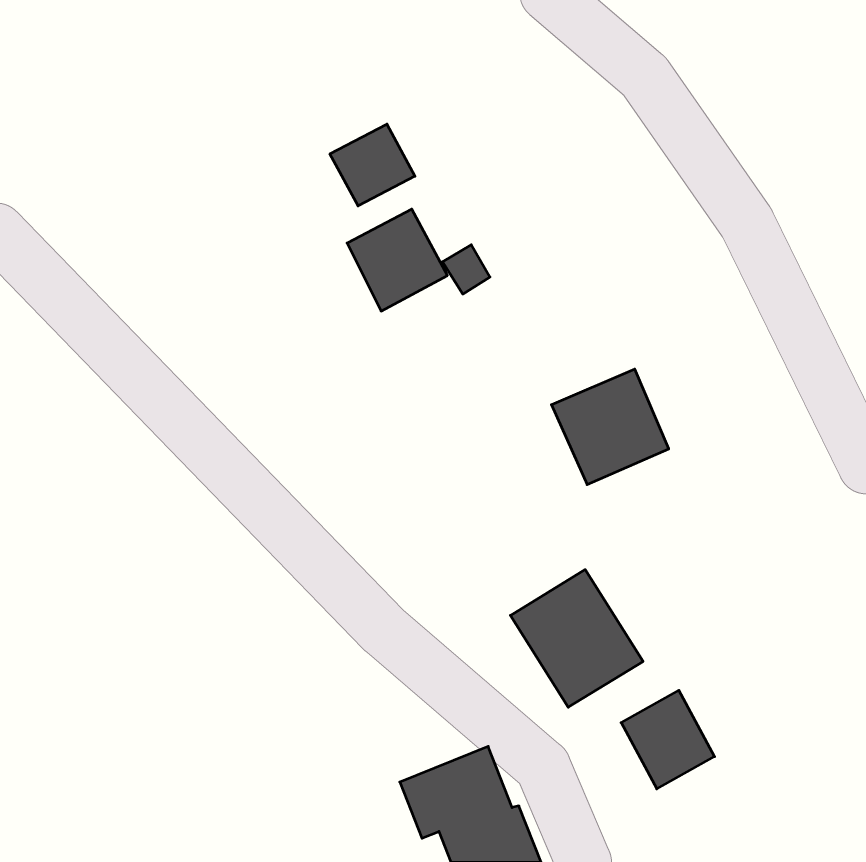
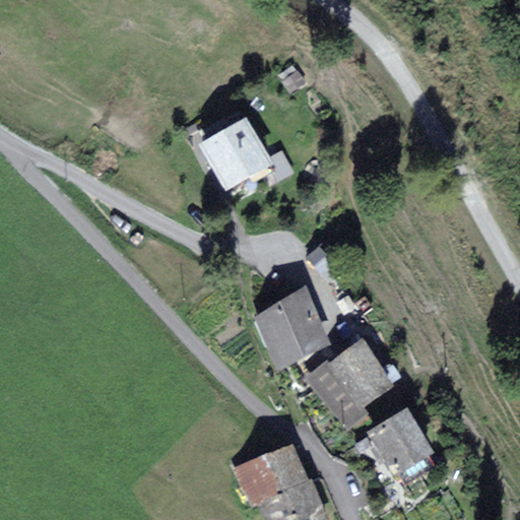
building: [330,124,415,206] -> none
building: [551,369,669,485] -> [256,295,326,364]

